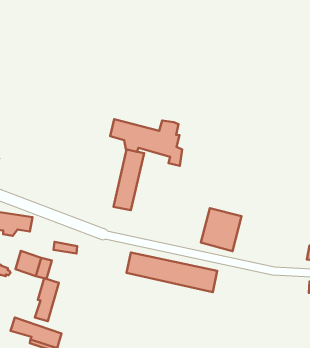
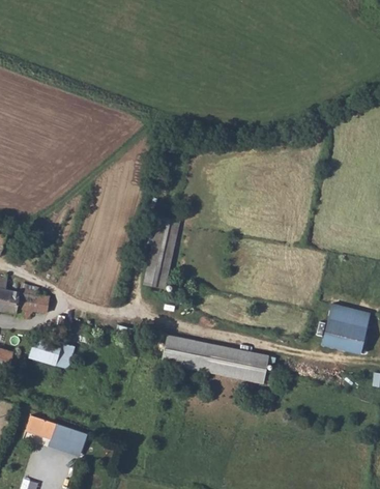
building: [110,119,182,166] -> none
building: [201,208,241,251] -> [323,305,371,355]
building: [35,278,59,321] -> none

